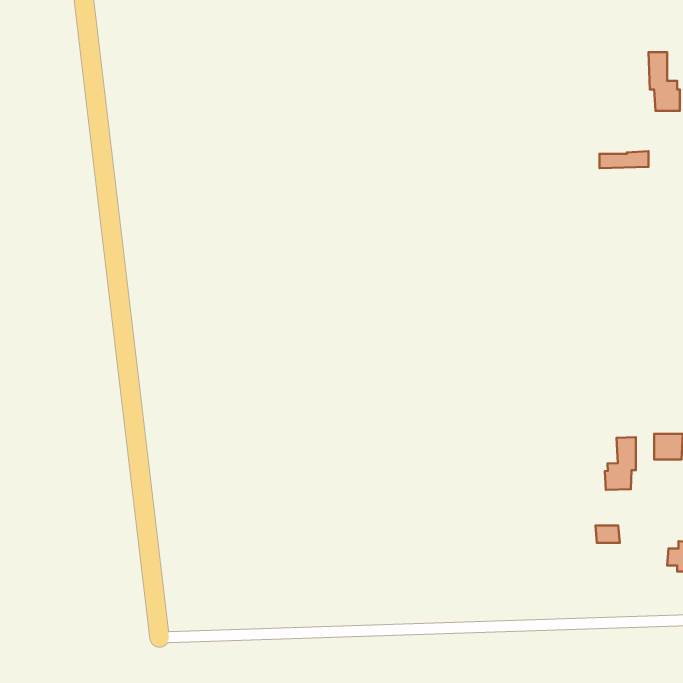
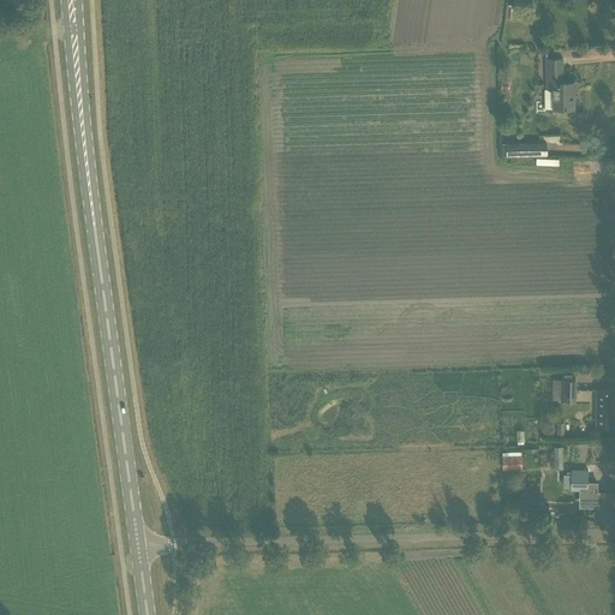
building: [605,437,636,490] -> none

